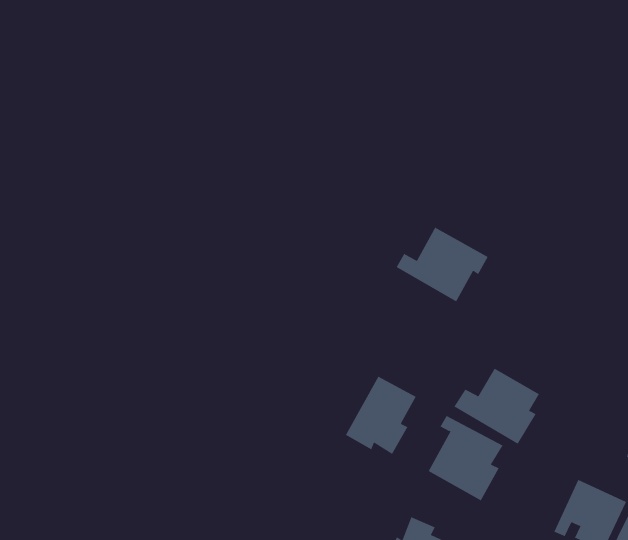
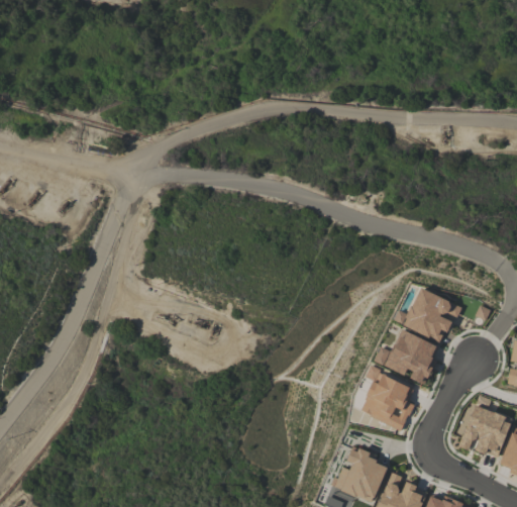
building: [396,227,488,302] -> [394,288,462,342]
building: [345,376,416,455] -> none

